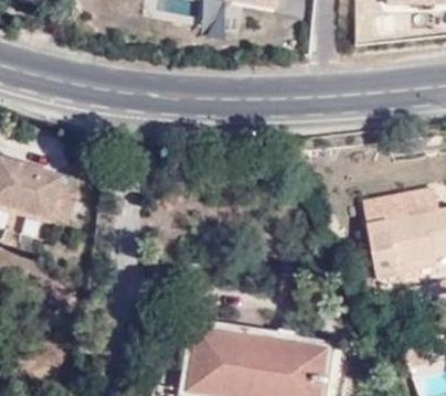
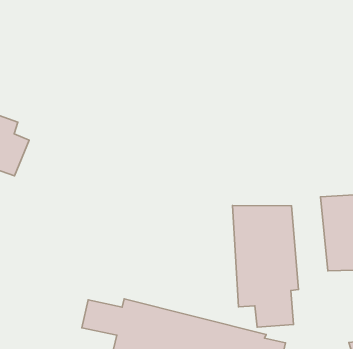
building: none -> [232,205,298,327]

